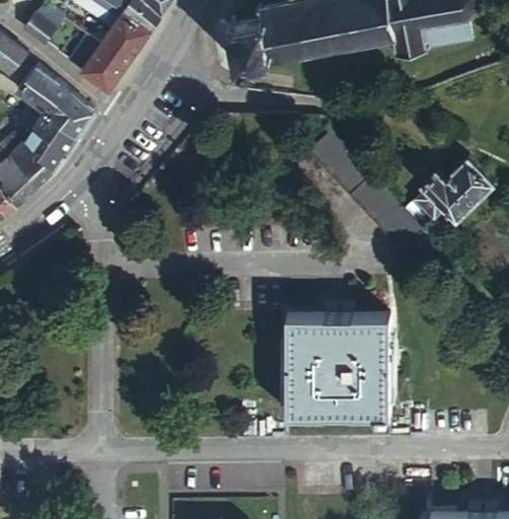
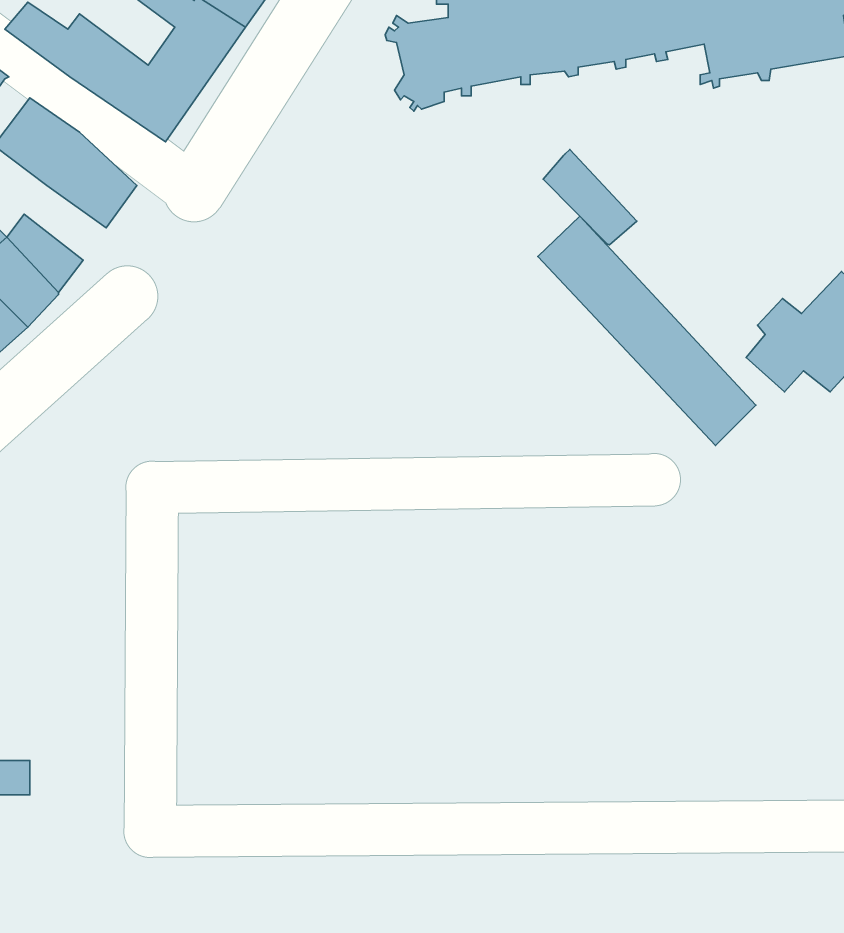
building: none -> [543,150,637,245]
building: [32,110,76,150] -> none
building: [289,316,392,417] -> none

